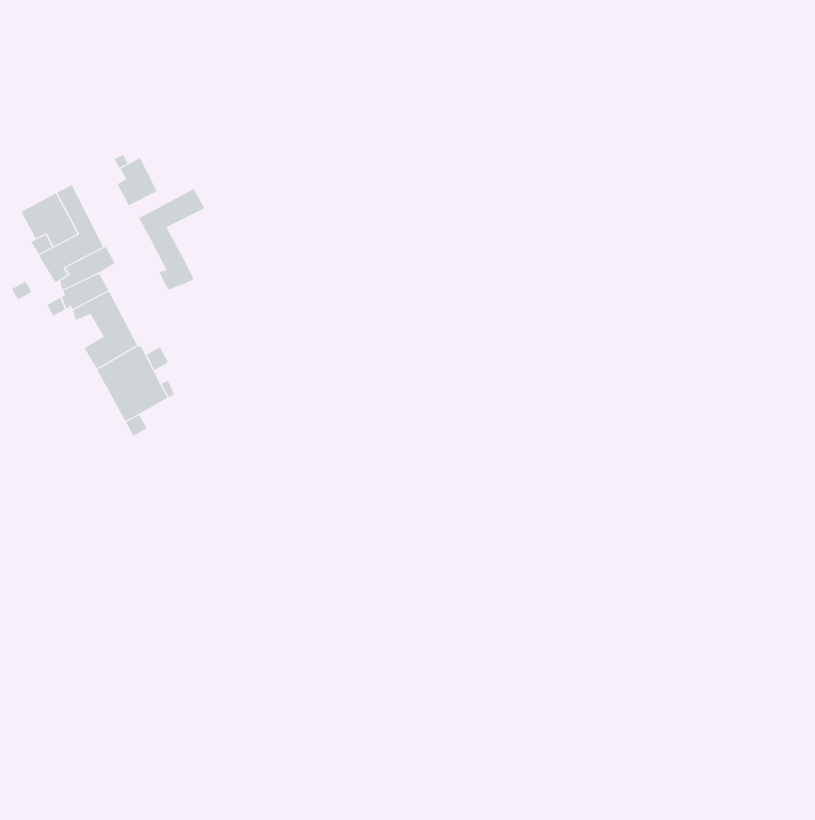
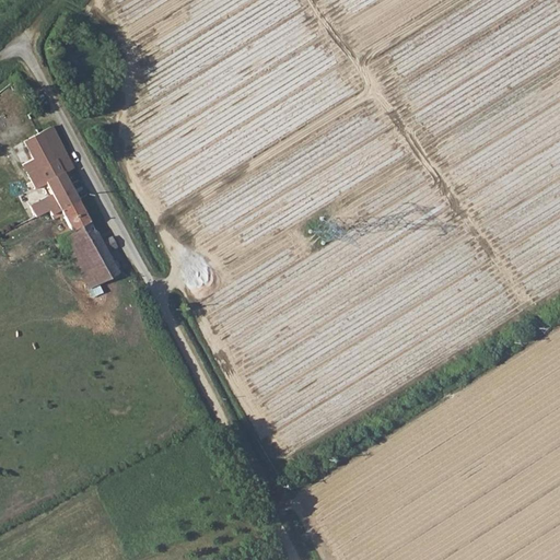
building: [117,157,158,206] -> none
building: [138,188,205,290] -> none

